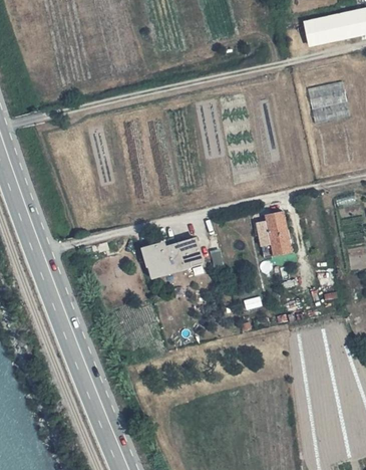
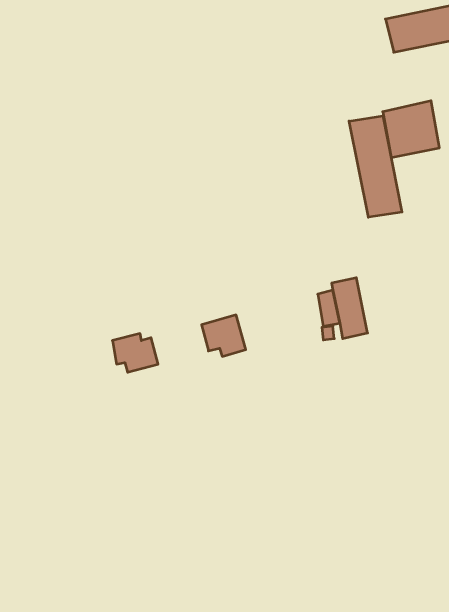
building: none -> [349,116,402,217]
building: [142,241,175,269] -> [112,334,158,372]

